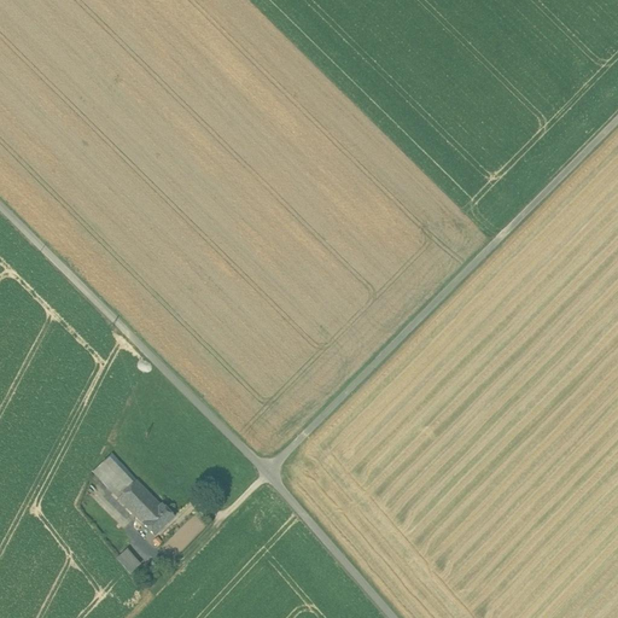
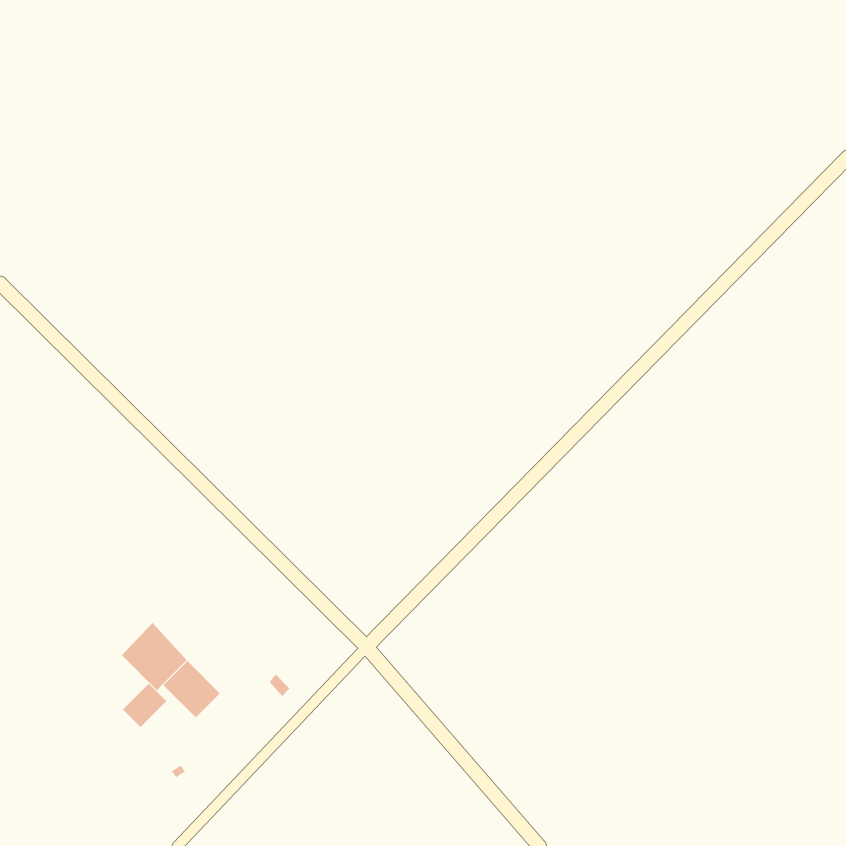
building: [144,503,176,536] -> [122,683,167,728]

